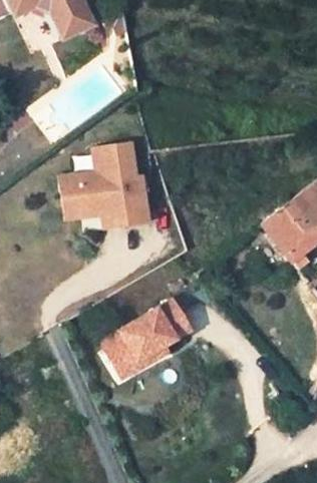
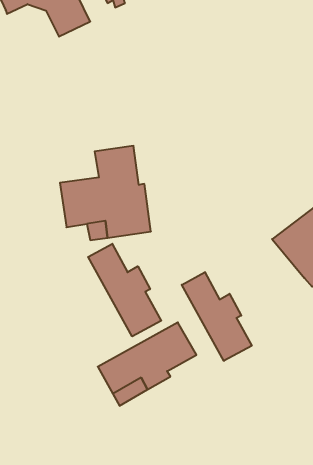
building: none -> [88,244,161,336]
building: none -> [182,272,252,361]

